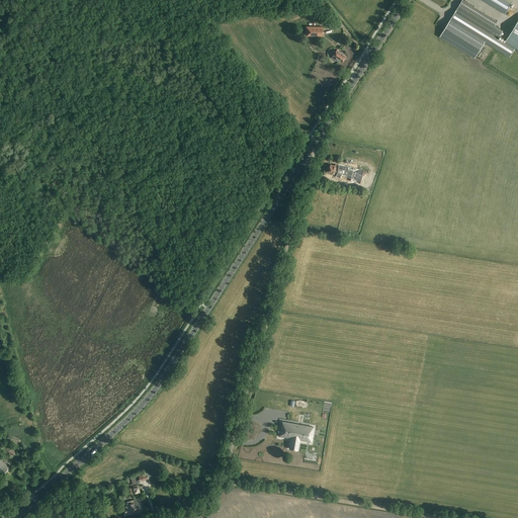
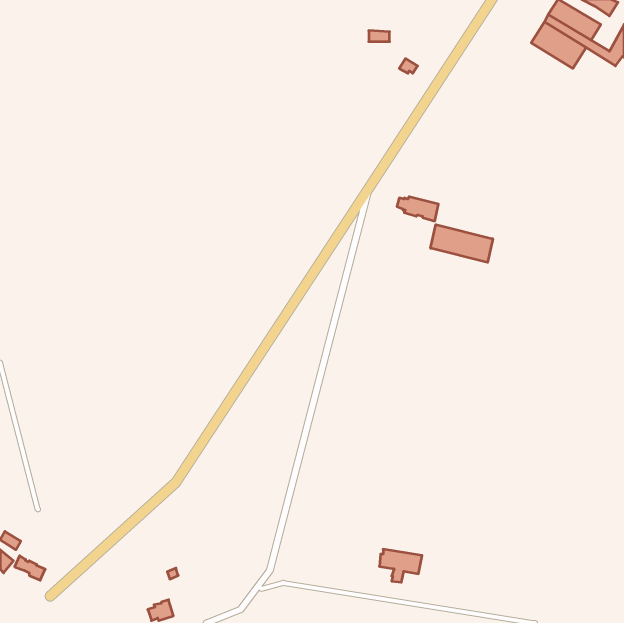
building: none -> [431,225,493,262]
building: [279,421,315,448] -> [379,549,422,582]

